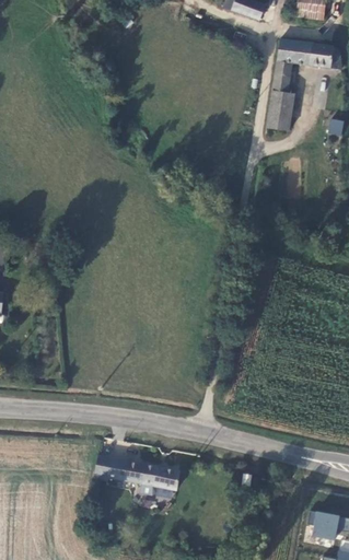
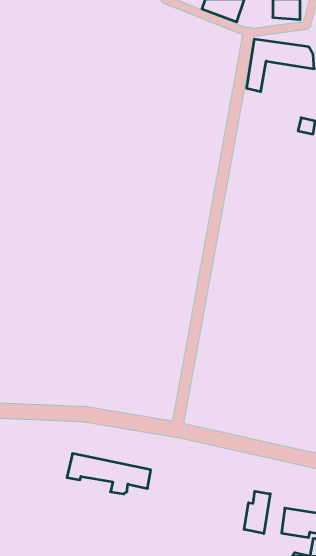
building: [266,89,294,131] -> none
building: none -> [244,491,270,534]

